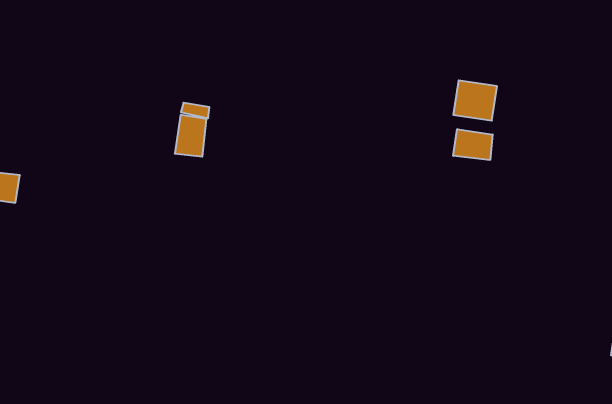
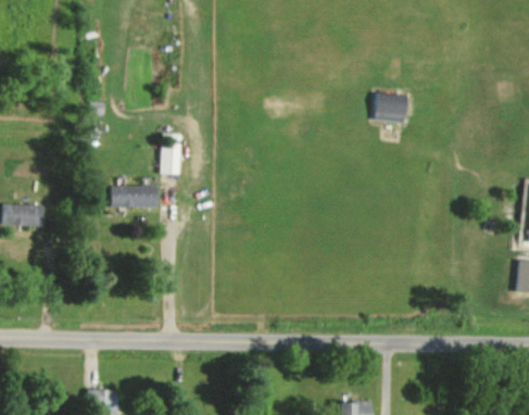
building: [453,129,493,160] -> none
building: none -> [110,185,155,208]

